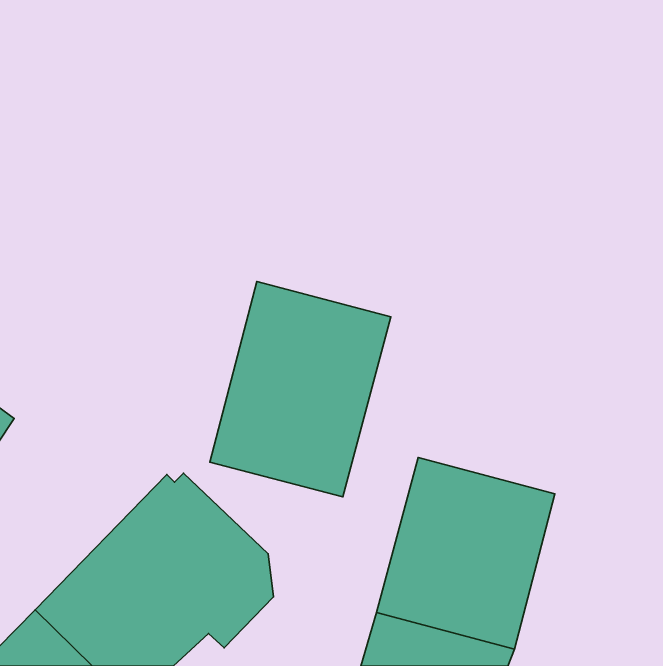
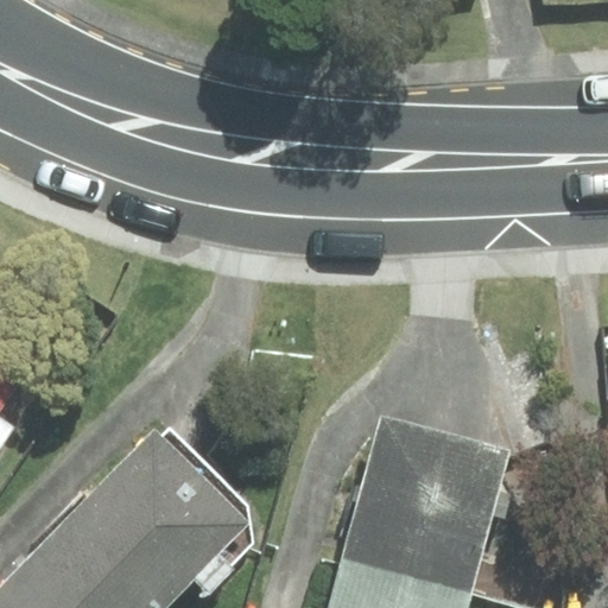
building: [210,281,391,497] -> none

